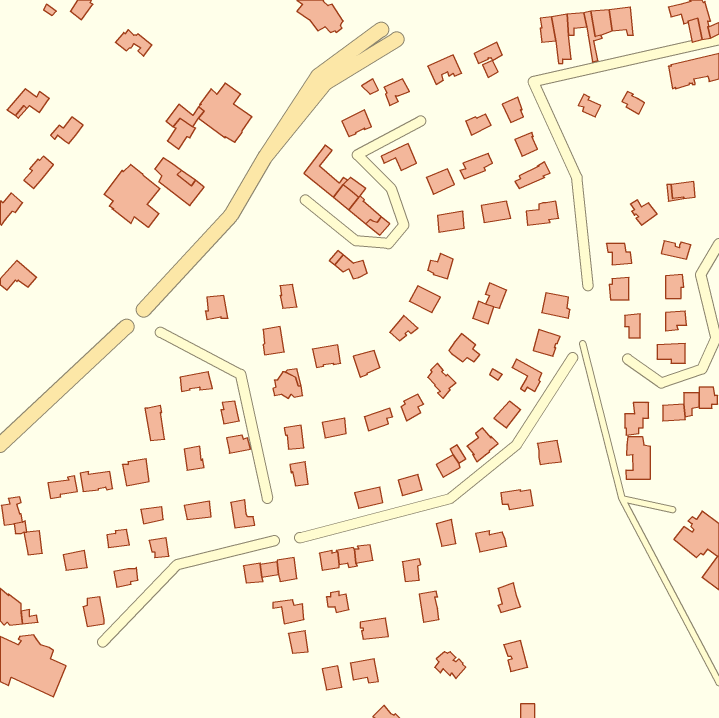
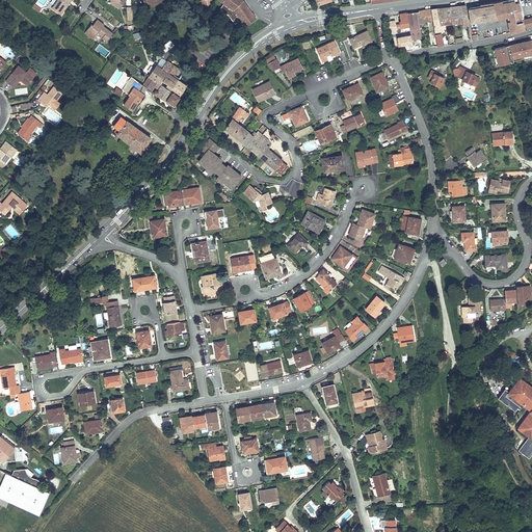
building: none -> [469,5,498,23]
building: [104,164,160,227] -> none
building: none -> [198,139,241,190]
building: none -> [165,189,202,208]
building: [626,436,650,479] -> none

